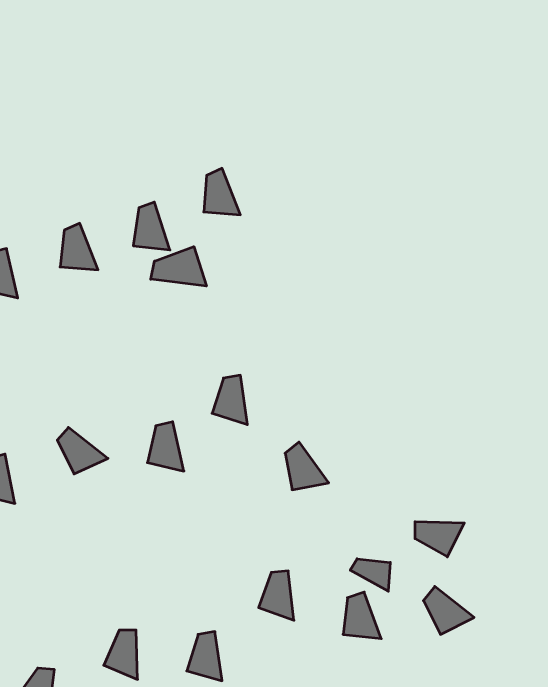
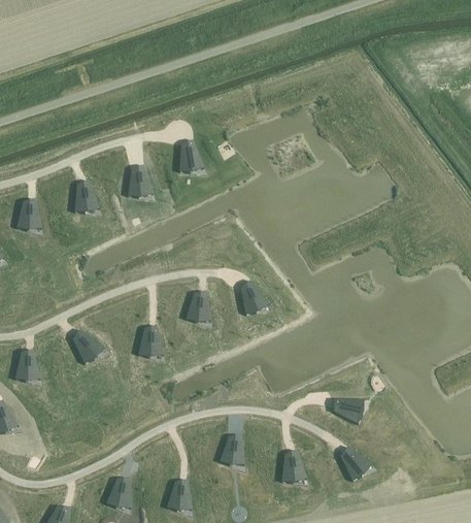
building: [151,247,206,286] -> none
building: [285,442,329,490] -> [240,279,272,314]
building: [350,559,390,591] -> none

